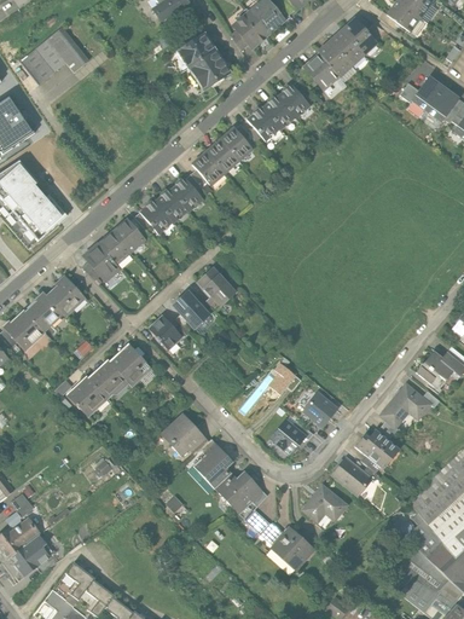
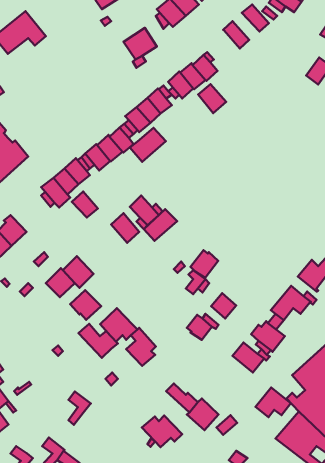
building: [331,29,366,64] -> none
building: [179,31,217,66] -> none
building: [304,52,341,89] -> [198,84,226,113]
building: [412,76,443,110] -> none
building: none -> [130,128,166,162]
building: [47,274,86,316] -> none
building: none -> [144,209,177,241]
building: [149,316,182,349] -> [72,192,98,218]
building: none -> [190,250,218,278]
building: [68,377,108,416] -> [70,290,101,320]
building: none -> [78,324,118,358]
building: [214,472,266,513] -> [142,416,182,447]
building: [302,485,348,523] -> [255,387,291,417]
building: [65,563,94,607] -> [68,391,91,425]

